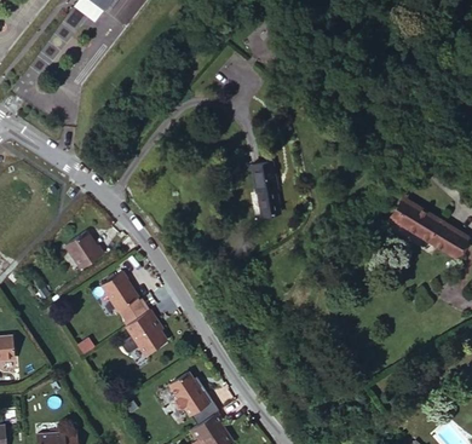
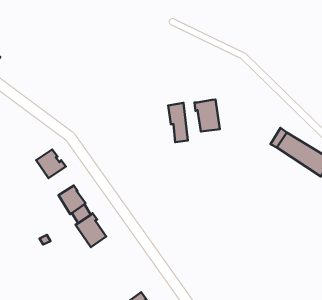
building: none -> [195,99,220,131]
building: [172,375,213,419] -> none

